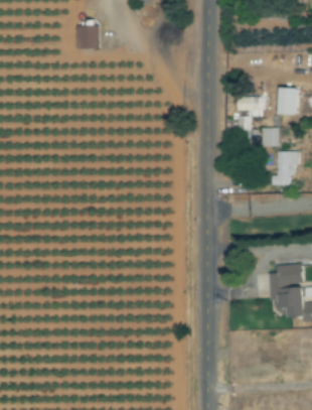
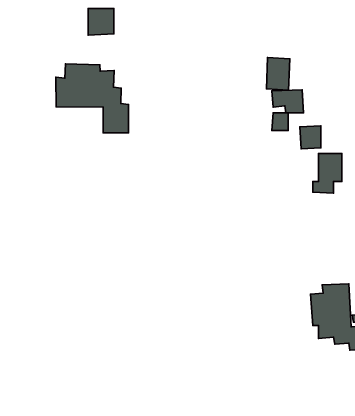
building: none -> [56,64,128,133]
building: [279,87,299,115] -> [266,58,290,90]

